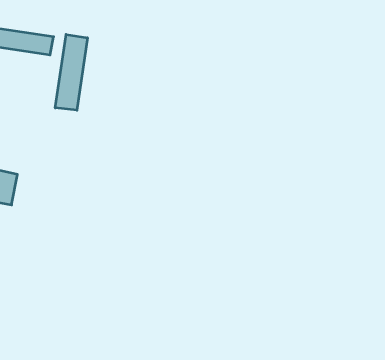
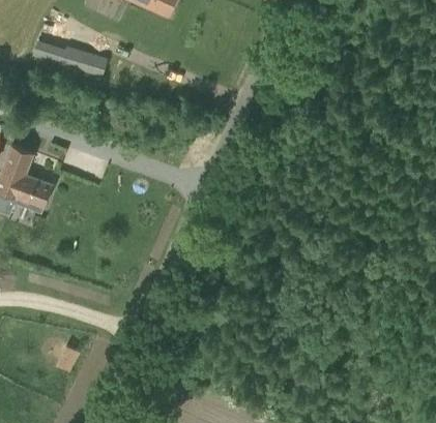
building: [55,34,87,110] -> none

